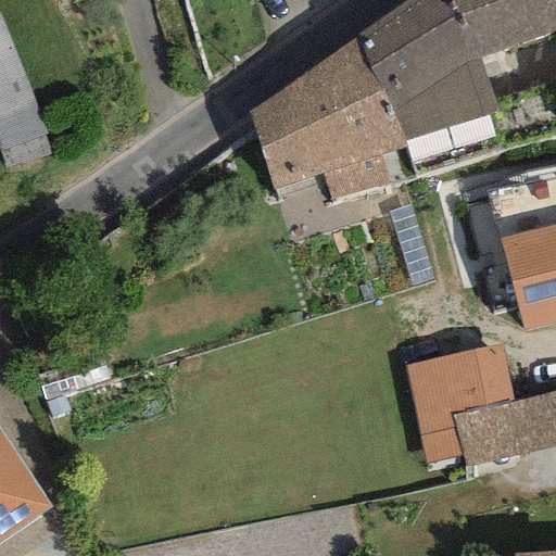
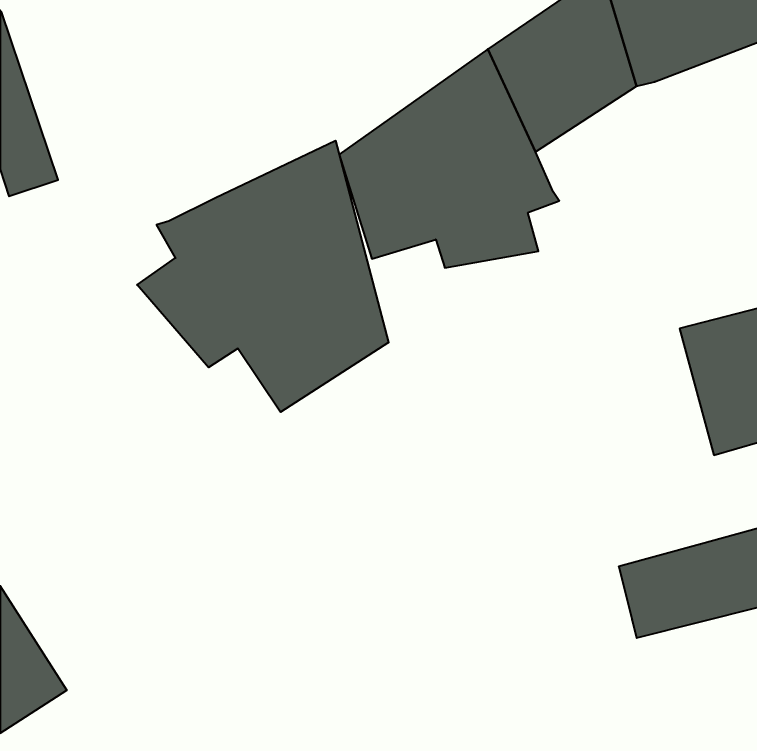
building: [393,60,498,140] -> none
building: none -> [137,141,389,412]
building: [404,343,514,462] -> none

